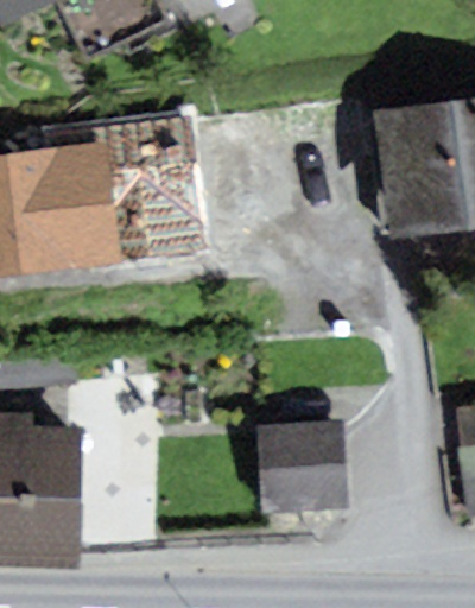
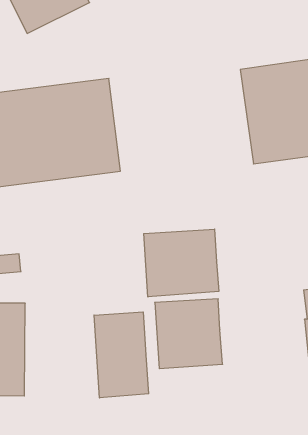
building: none -> [144,229,219,297]
building: none -> [94,312,149,398]

